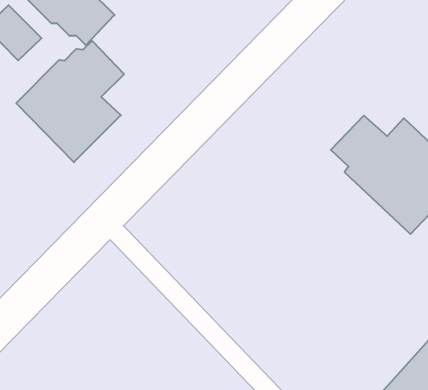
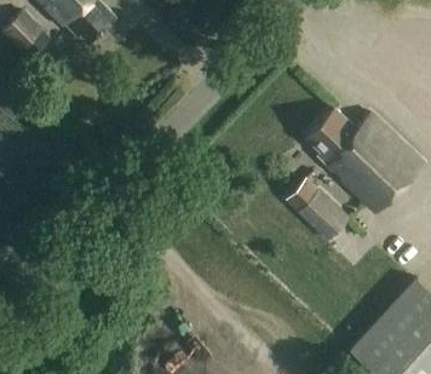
building: [16,41,124,162] -> none
building: none -> [285,180,350,243]

